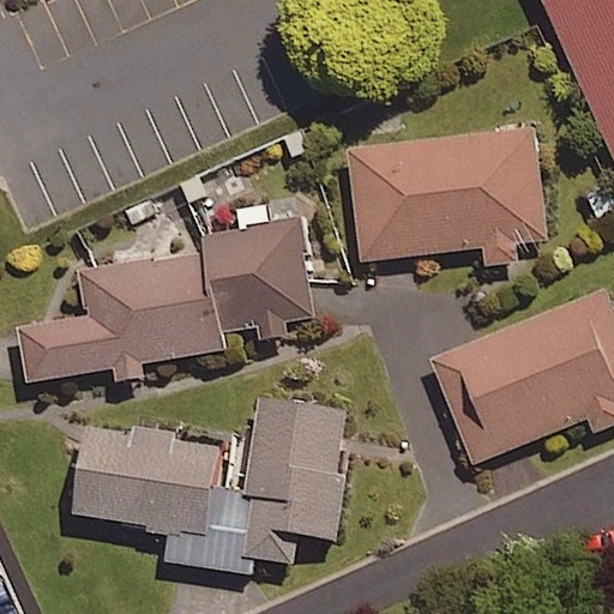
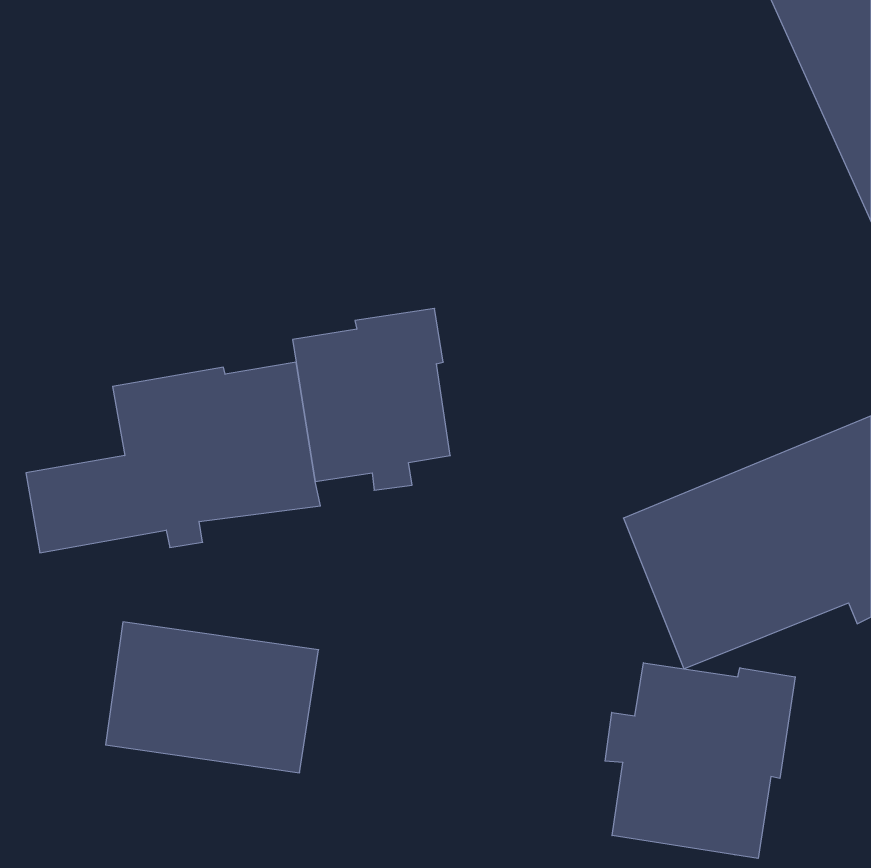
building: [348,127,546,264] -> none
building: [245,397,348,562] -> none
building: none -> [605,663,795,858]

